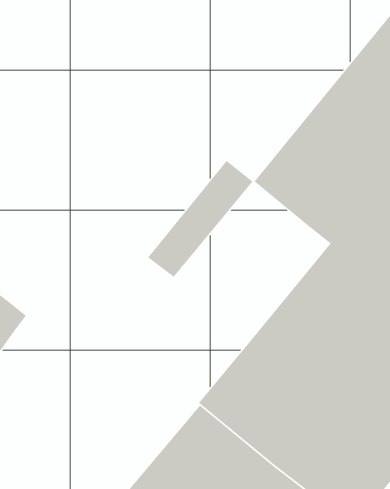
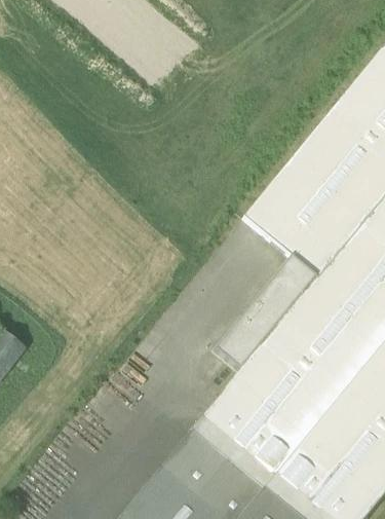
building: [147,160,253,278] -> [215,258,316,371]

